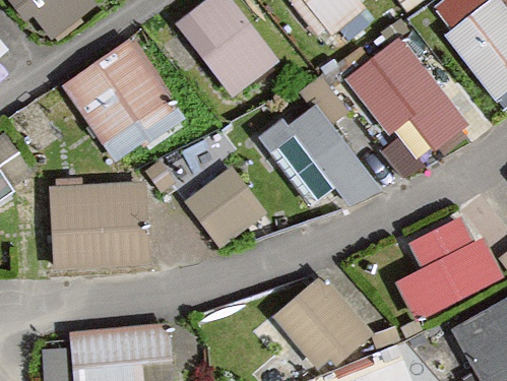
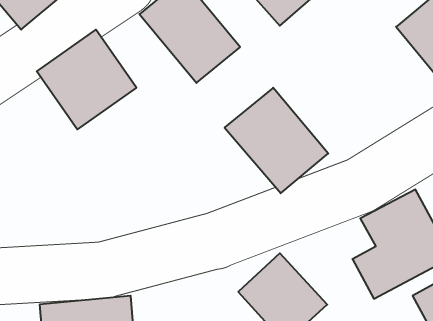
building: [350,40,461,156] -> none
building: [178,164,265,251] -> none
building: [46,182,148,269] -> none

